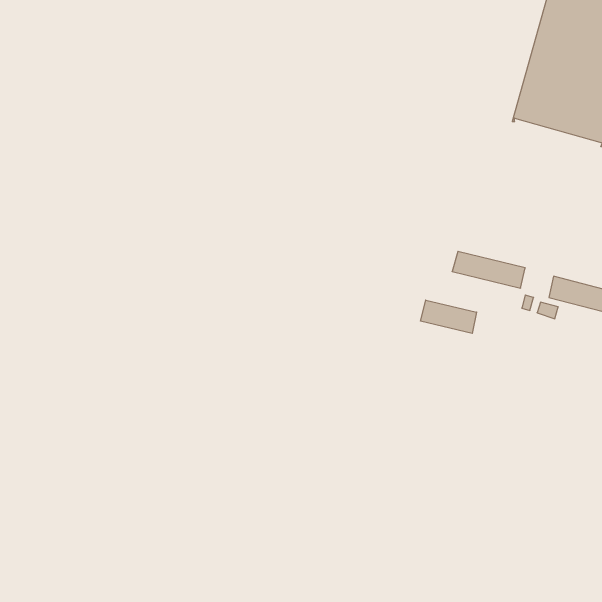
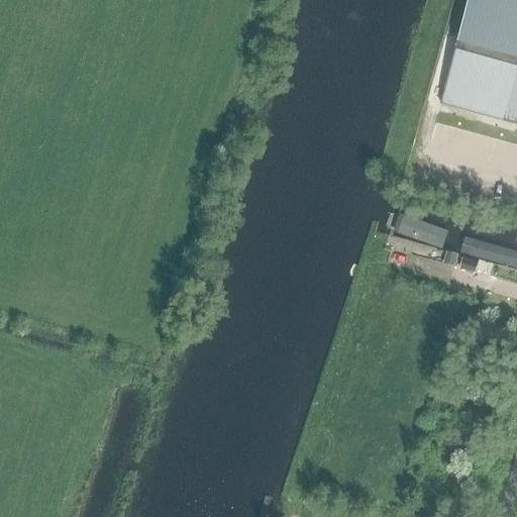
building: [421,300,477,333] -> none

